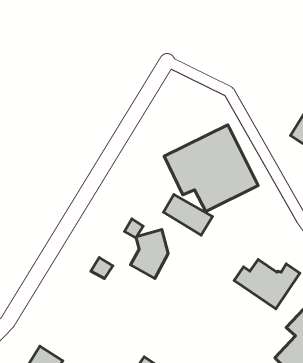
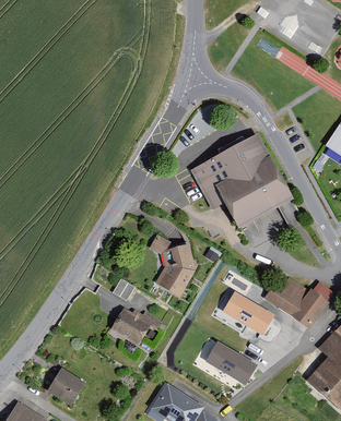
building: [164,194,213,235] -> [225,287,277,329]
building: none -> [113,304,164,341]
building: none -> [208,337,259,381]

